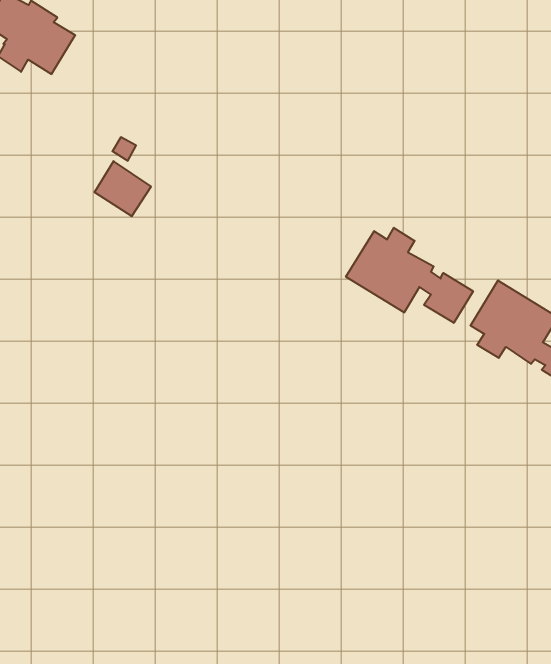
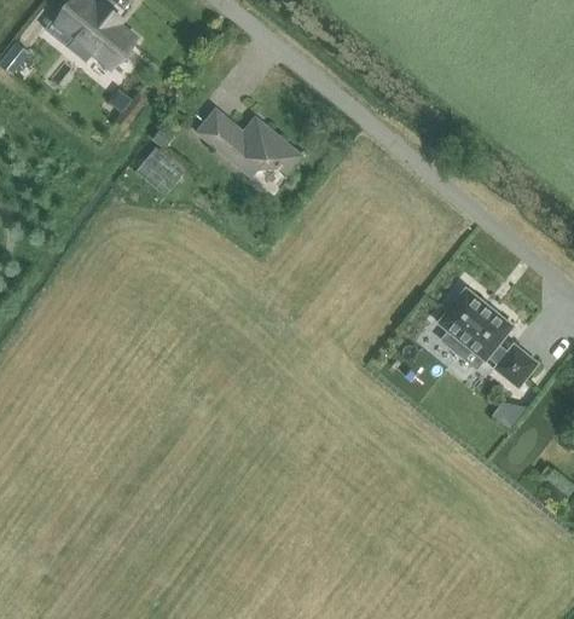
building: none -> [196,109,301,177]
building: [346,228,473,323] -> none

